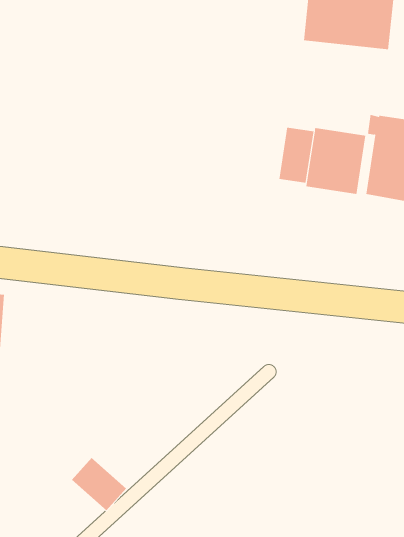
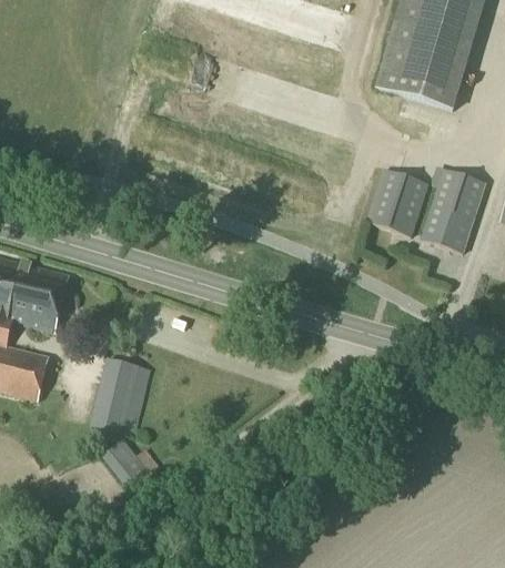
building: [279,127,314,184] -> none
building: none -> [89,356,151,437]

